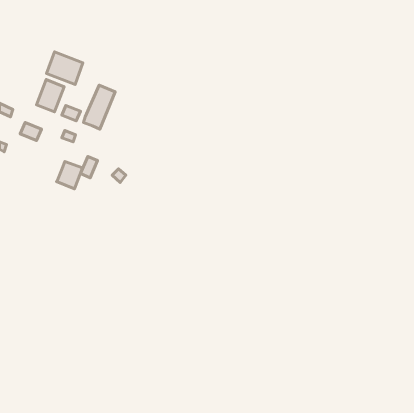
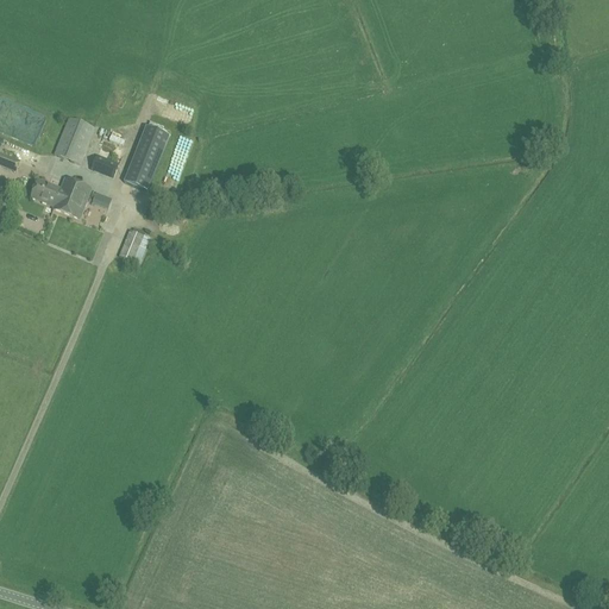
building: [47,52,83,84] -> none
building: [57,161,83,189] -> [52,178,90,219]

